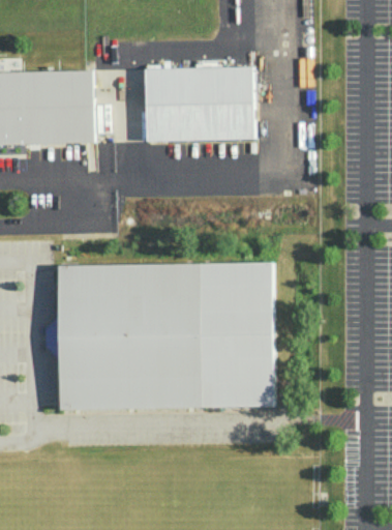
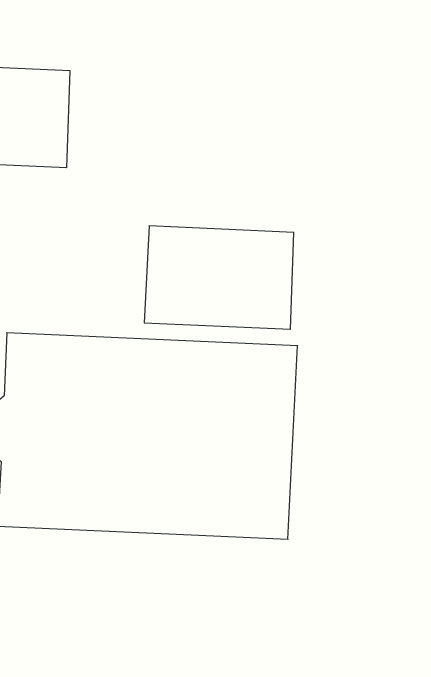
building: [147,66,255,140] -> [144,226,294,329]

